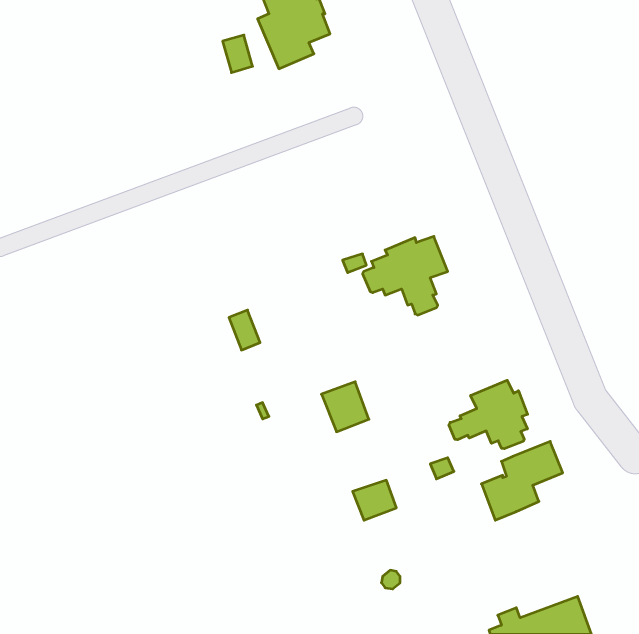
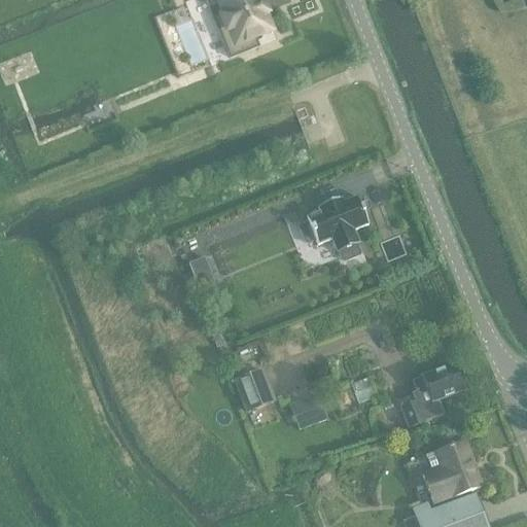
building: [449,380,528,449] -> none
building: [321,382,369,432] -> [235,370,274,411]
building: none -> [422,441,482,502]

